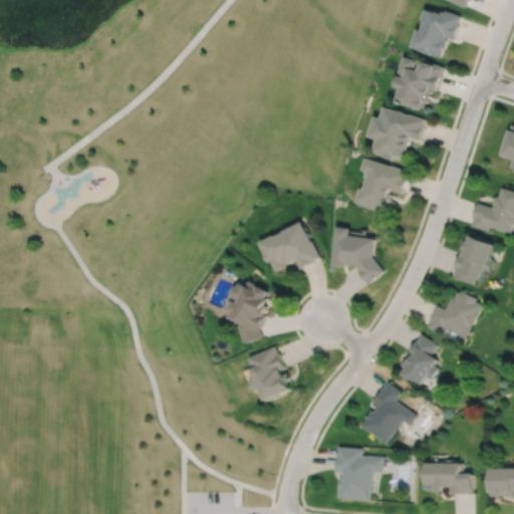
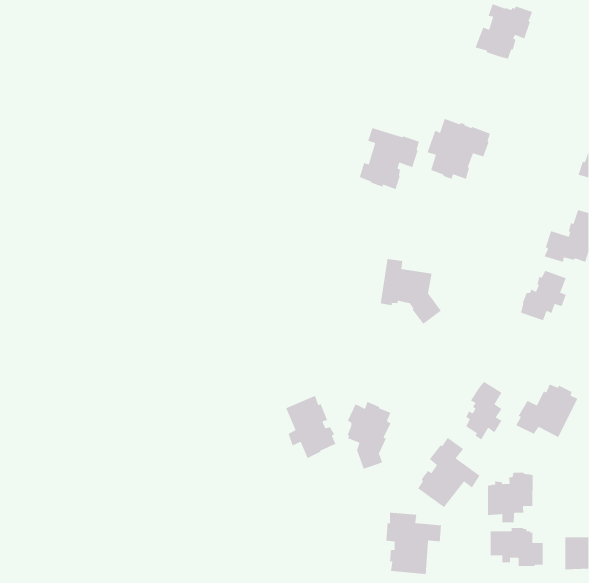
building: [396,57,444,110] -> none
building: [355,160,408,214] -> [359,127,420,190]
building: [258,224,319,272] -> none
building: [231,283,269,342] -> [347,401,391,470]
building: [424,290,478,337] -> [515,383,578,438]
building: none -> [487,472,534,523]

